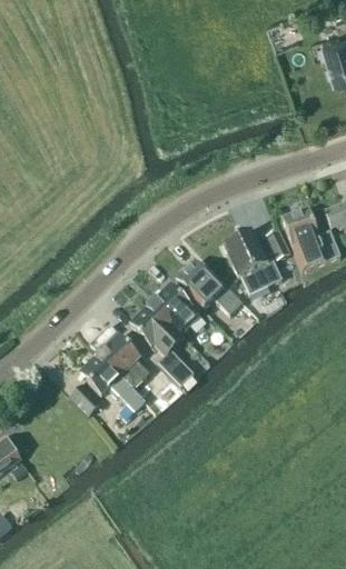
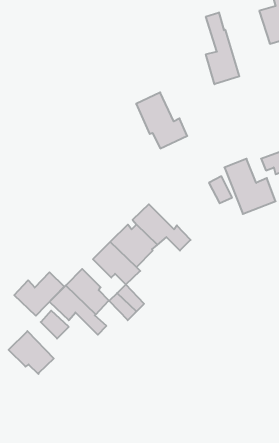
building: none -> [206,12,239,84]
building: [223,229,281,293] -> [136,92,187,148]
building: none -> [14,272,64,316]
building: none -> [9,331,54,374]

